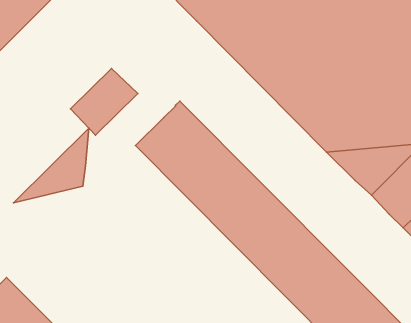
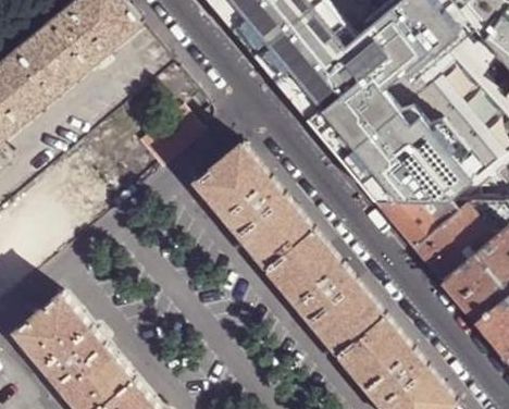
building: [13,128,89,203] -> none

